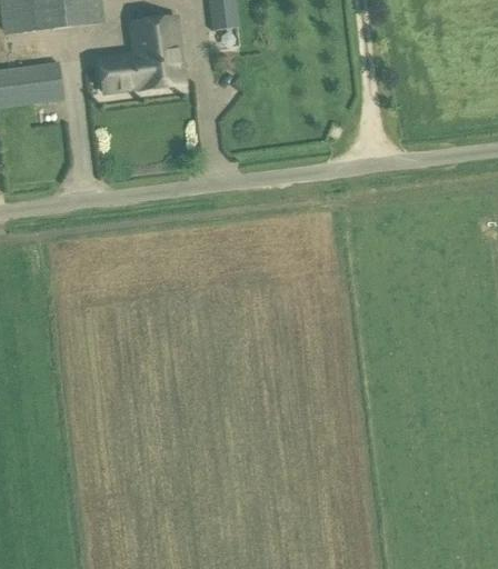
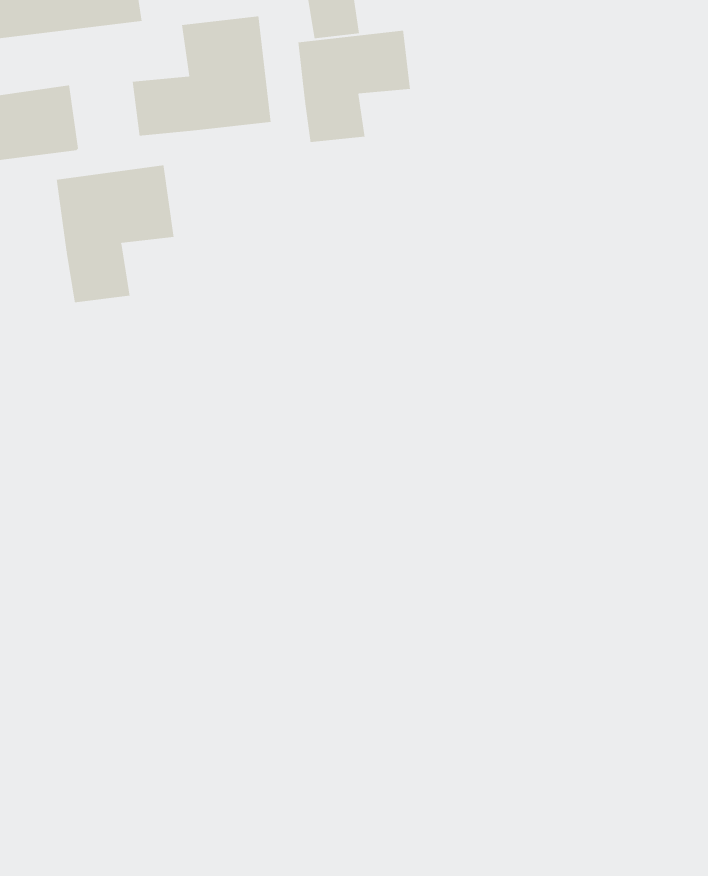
building: none -> [298,30,410,143]
building: none -> [56,164,174,303]

